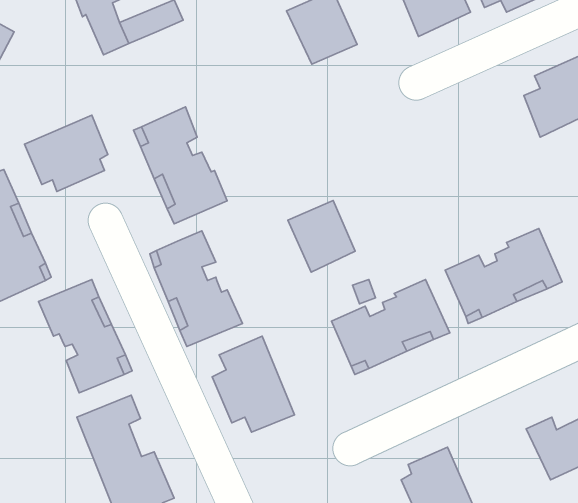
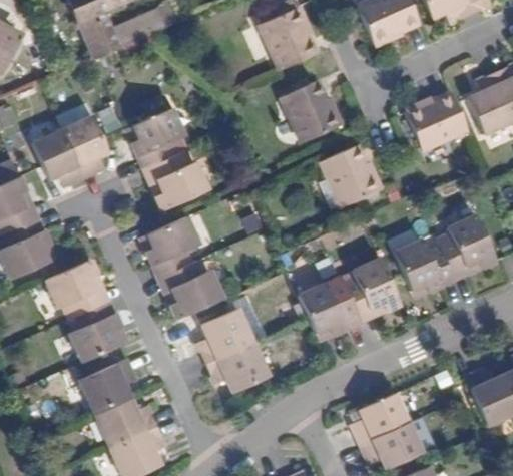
building: none -> [284,79,341,139]
building: none -> [402,91,465,149]
building: [288,200,355,272] -> [323,143,381,205]

